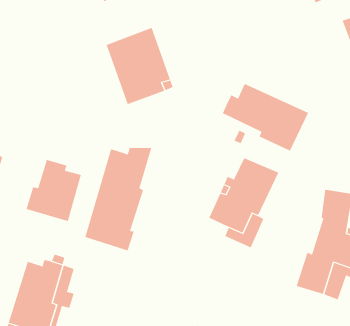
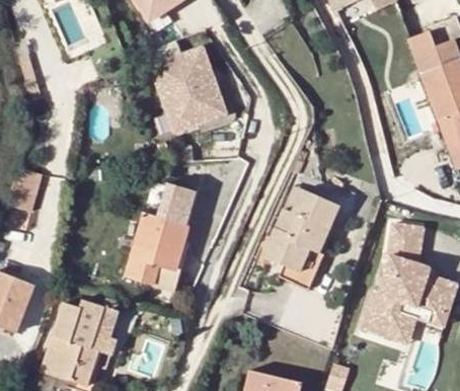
building: [222,83,309,152] -> none
building: [26,159,81,222] -> none

